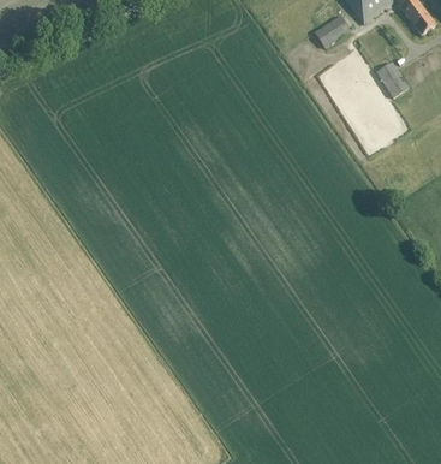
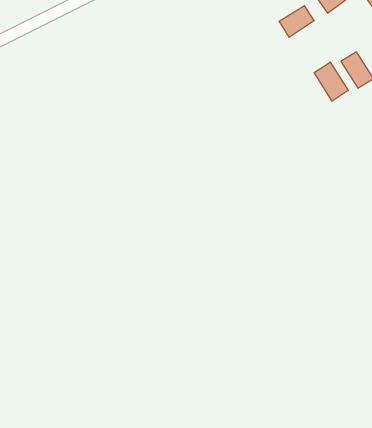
building: none -> [314,62,348,101]

